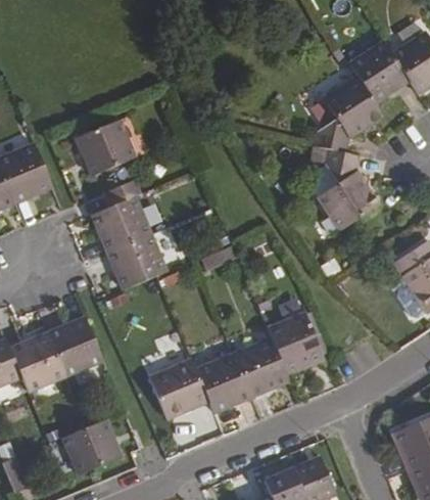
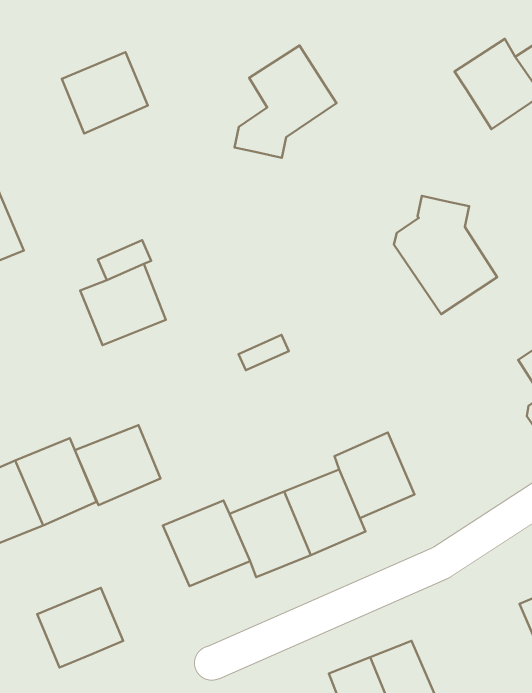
building: [313,75,383,152] -> [235,45,337,158]
building: [76,120,135,176] -> [62,52,148,134]
building: [106,234,165,289] -> [75,425,161,505]

